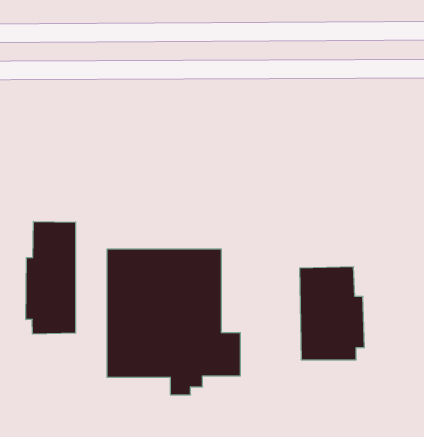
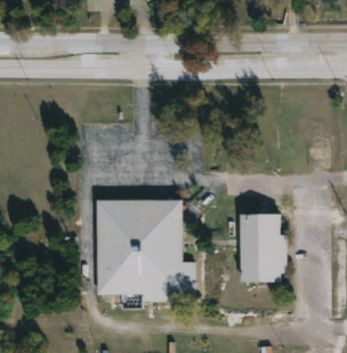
building: [26,221,76,334] -> none

